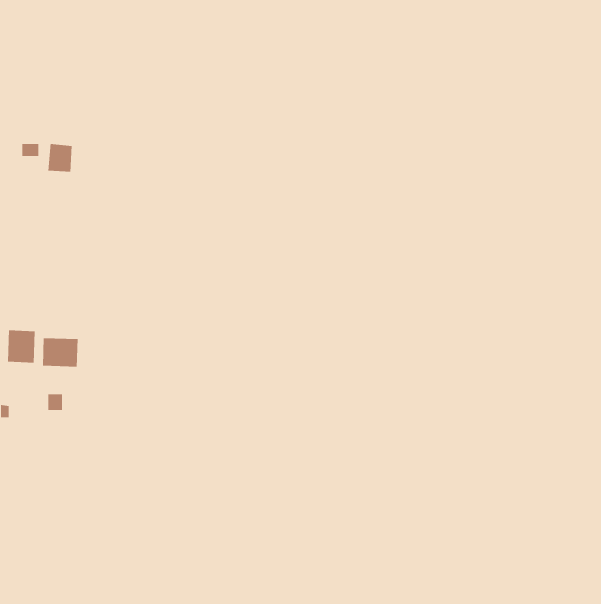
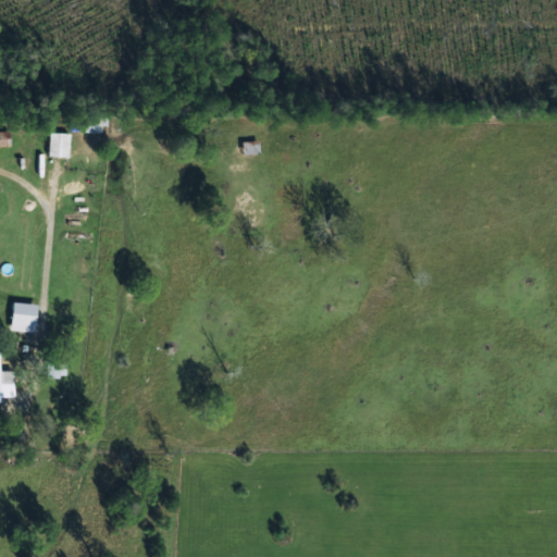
building: [42,337,78,367] -> none

